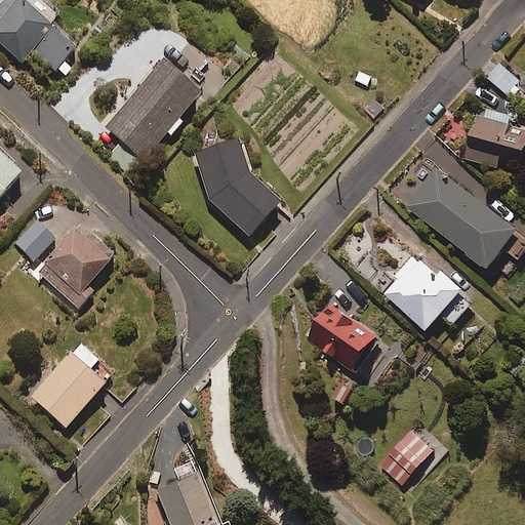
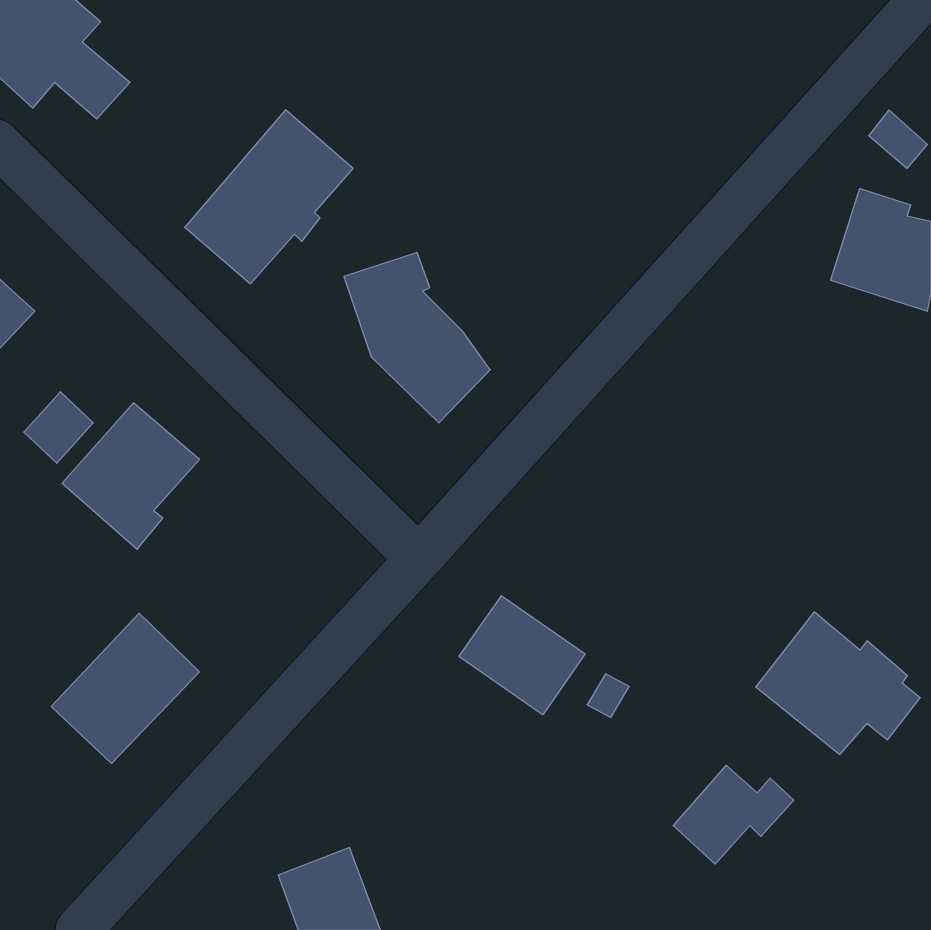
building: [405,165,518,273] -> none
building: [379,252,472,332] -> [756,612,920,754]
building: [306,304,376,370] -> [459,596,585,715]

